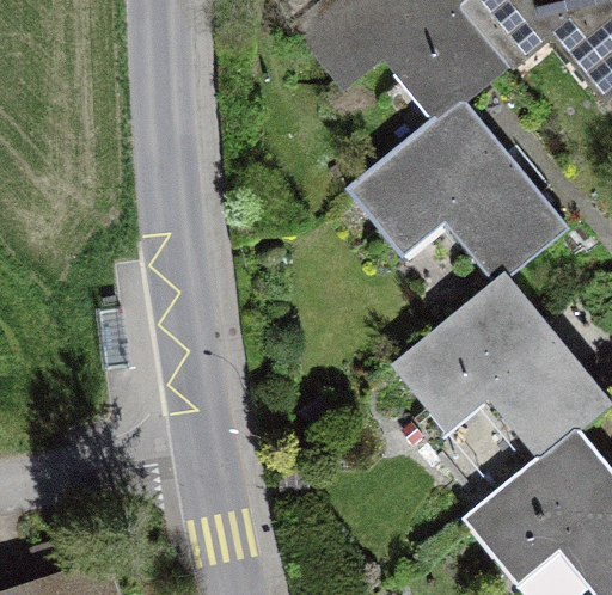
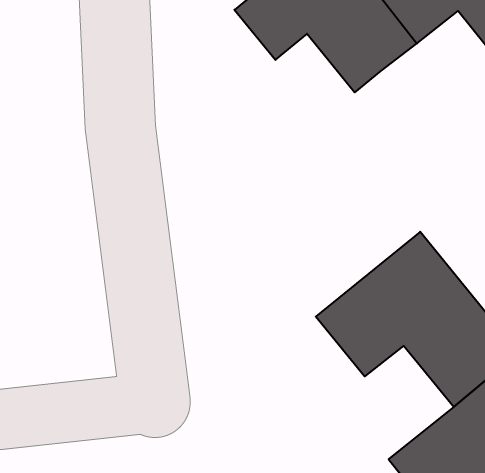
building: [347,96,565,283] -> none

